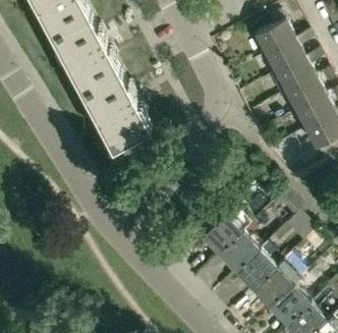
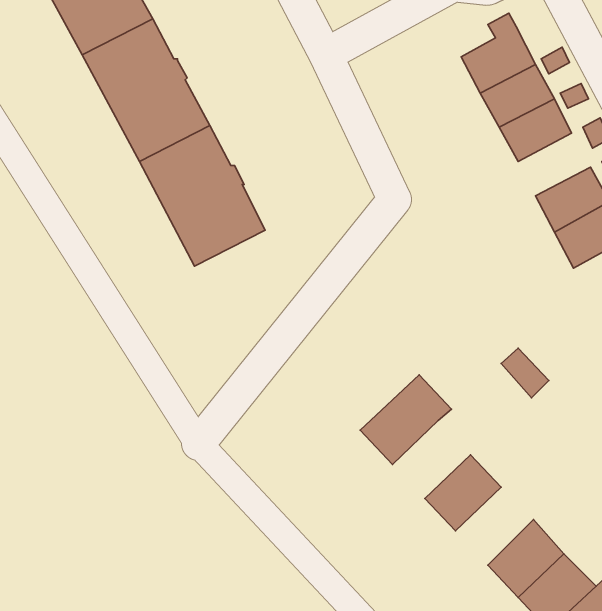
building: [286,76,325,110] -> none
building: [219,230,261,272] -> none
building: [252,266,294,308] -> none

